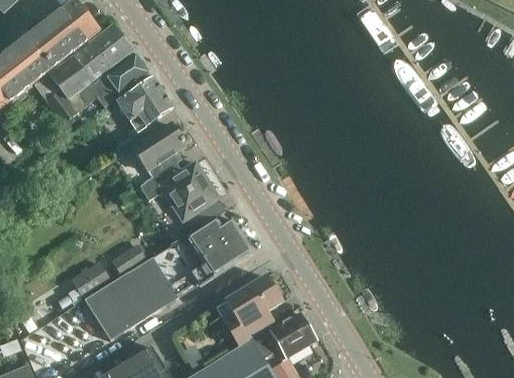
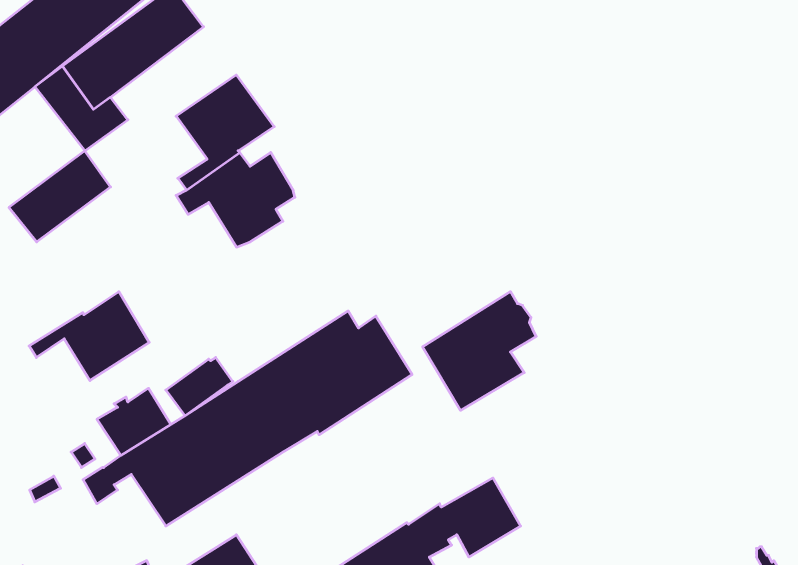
building: [89,52,149,105] -> [9,151,111,242]
building: [143,161,218,221] -> none
building: none -> [29,292,149,381]
building: [216,275,282,344] -> [423,292,536,410]

